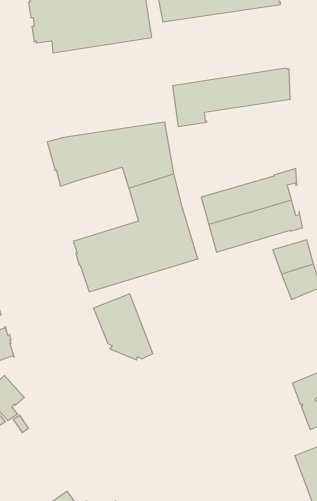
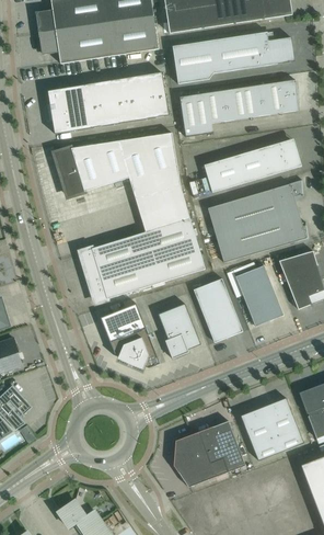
building: none -> [172,32,294,83]
building: none -> [46,71,169,134]
building: none -> [204,140,301,192]
building: none -> [235,264,284,325]
building: none -> [194,277,243,342]
building: none -> [158,303,200,358]
building: none -> [241,397,303,460]
building: none -> [174,420,245,487]

